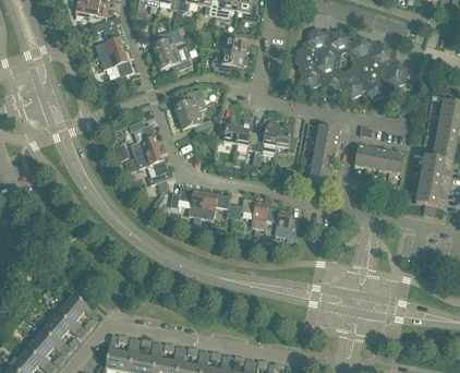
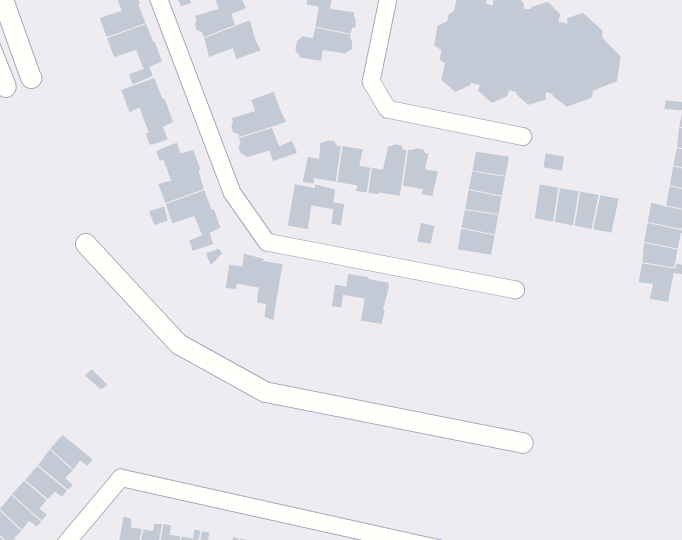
building: none -> [120,77,174,145]
building: [201,192,235,219] -> [287,184,345,229]
building: [265,206,298,244] -> none

